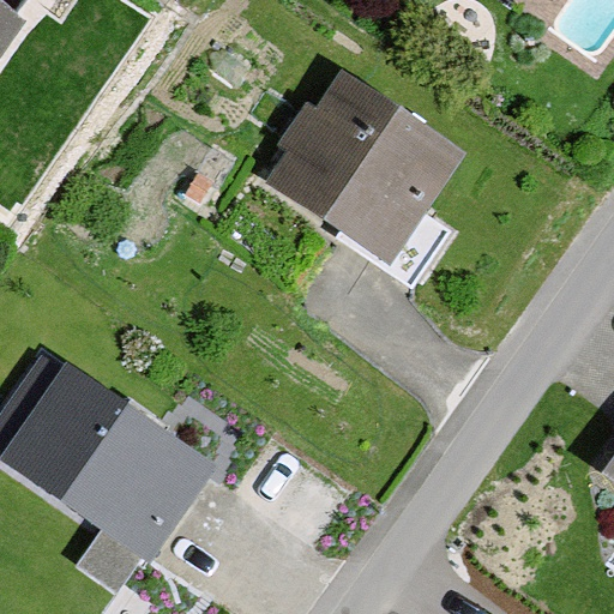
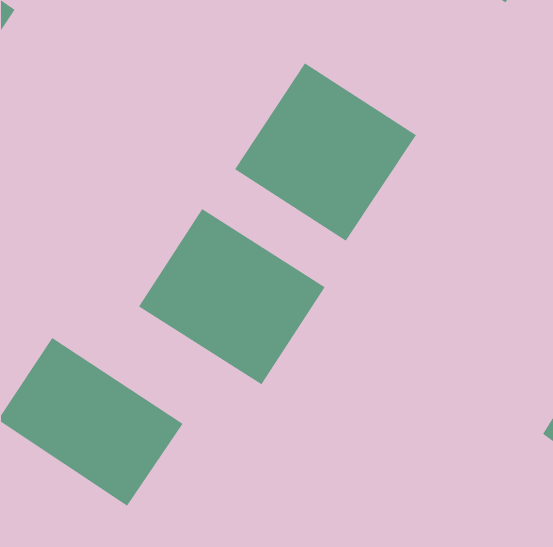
building: none -> [138,208,325,385]

